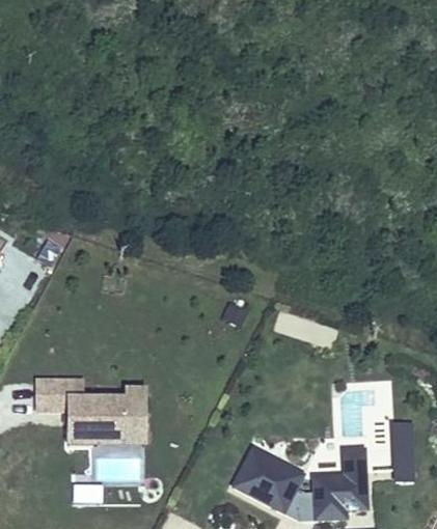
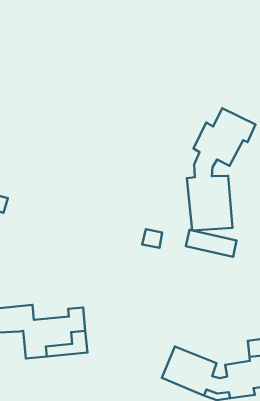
building: none -> [187,108,255,231]

